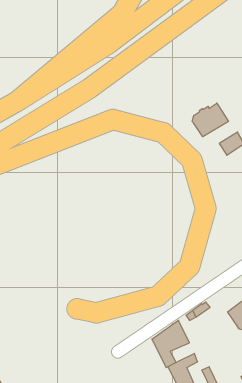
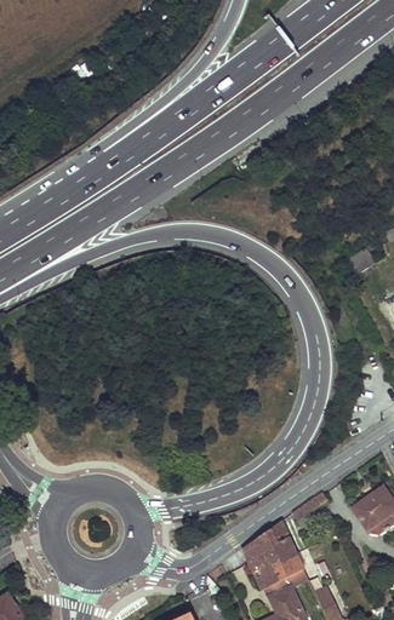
building: [192,103,228,137] -> none
building: none -> [268,552,303,581]

